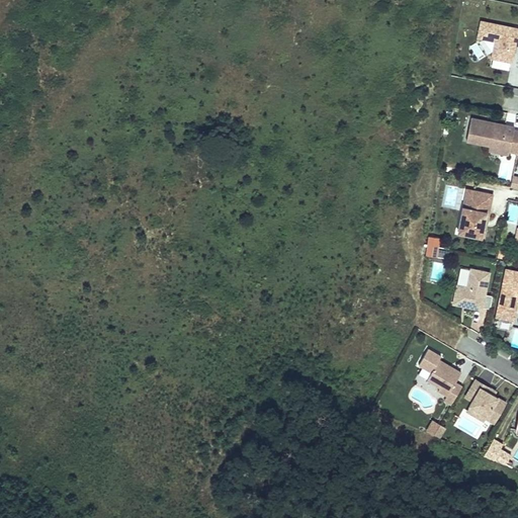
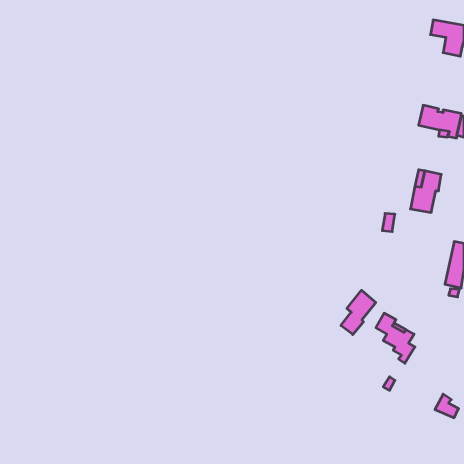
building: [453,268,490,310] -> none
building: none -> [341,290,376,335]
building: [465,379,506,423] -> none

